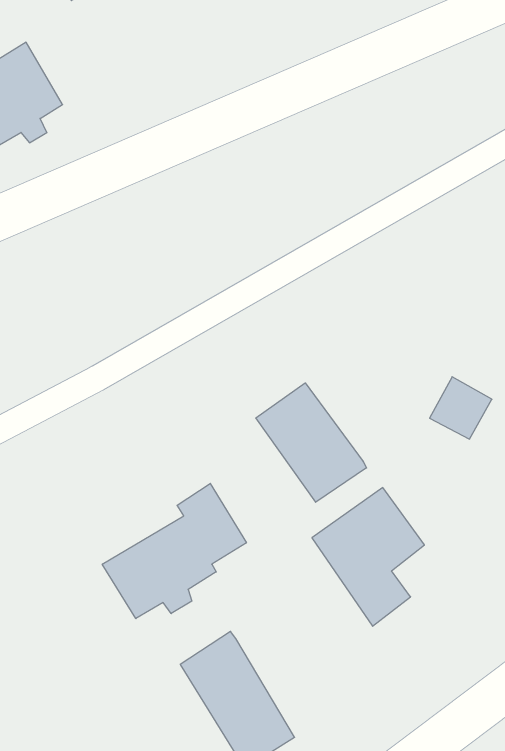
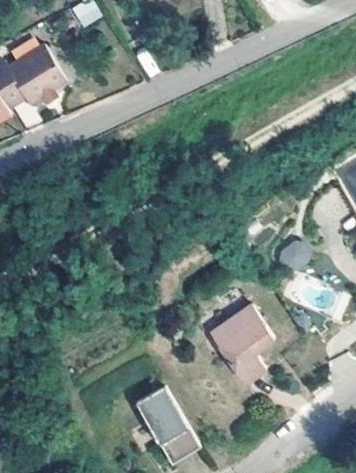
building: [256,383,367,502] -> none
building: [102,483,246,619] -> none

